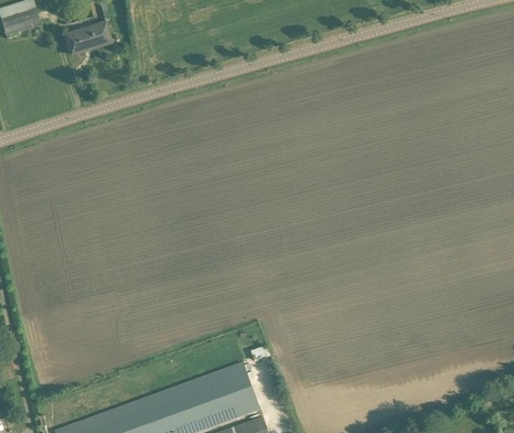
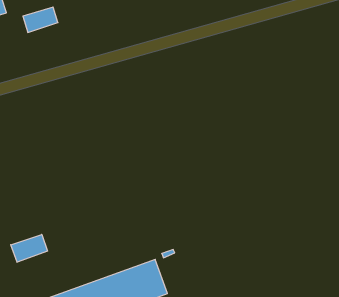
building: none -> [11,234,48,262]

